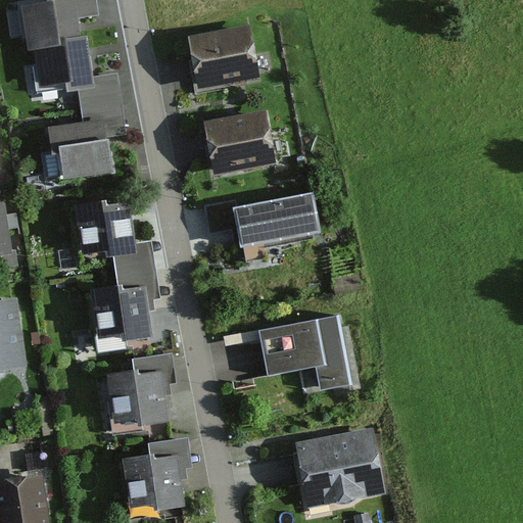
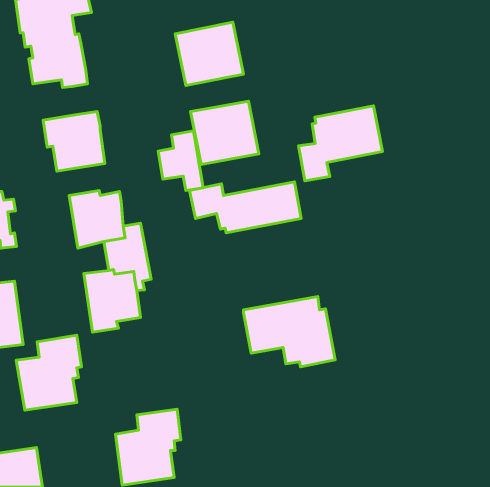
building: [77,70,125,134] -> [158,131,203,191]
building: none -> [298,106,382,181]
building: [106,350,176,430] -> [16,335,82,410]
building: [294,426,385,506] -> none

